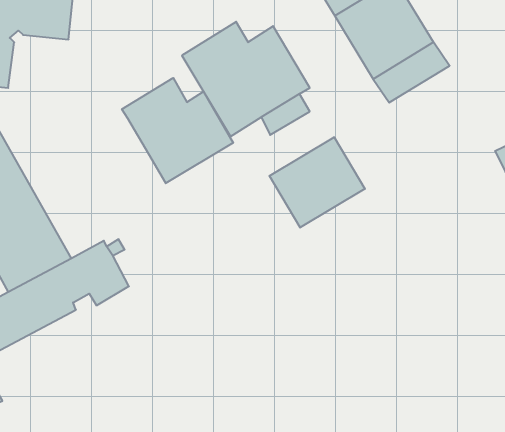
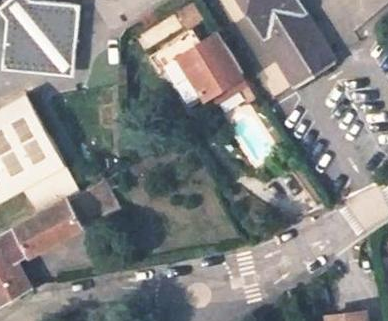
building: none -> [35,36,76,79]
building: [122,78,233,183] -> none
building: [269,137,365,228] -> none

